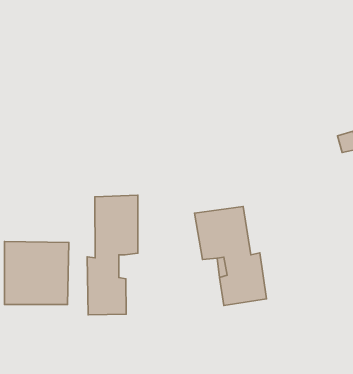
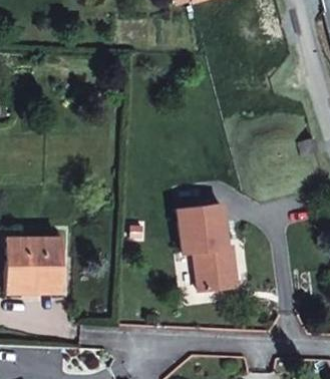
building: [87,195,138,315] -> none

